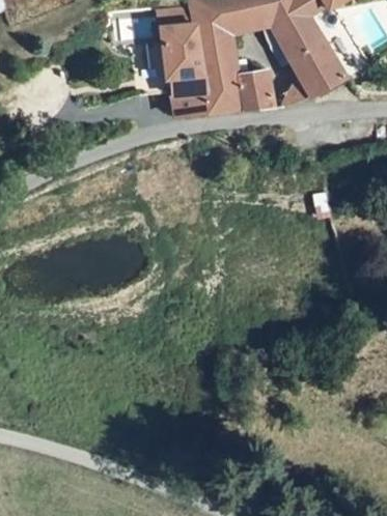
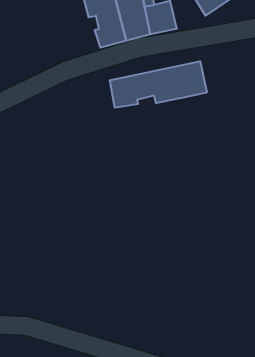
building: none -> [110,61,207,108]

